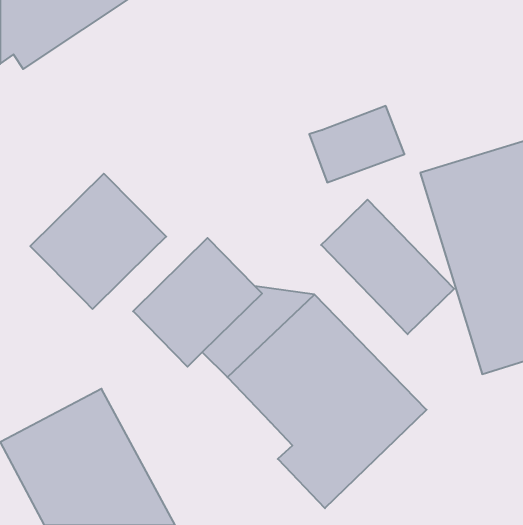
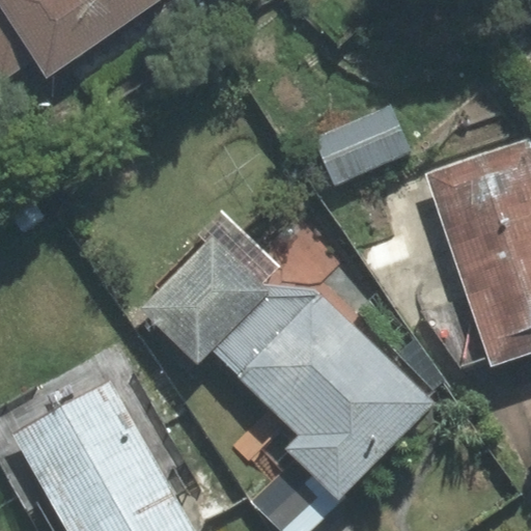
building: [30,174,166,309] -> none
building: [321,200,454,334] -> none

